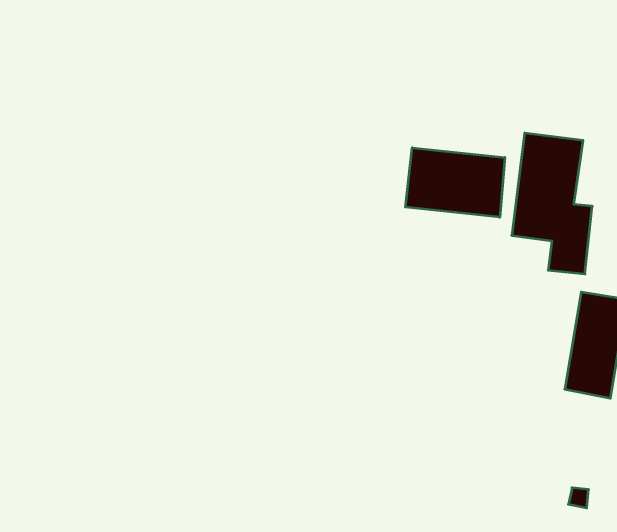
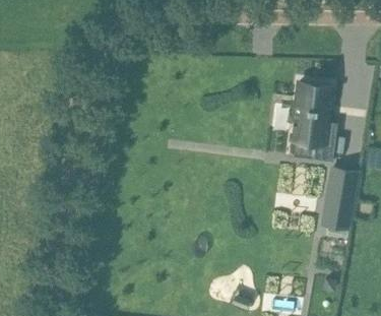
building: [405,148,505,217] -> none

